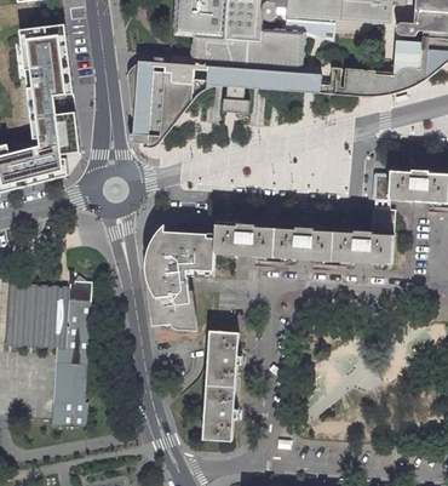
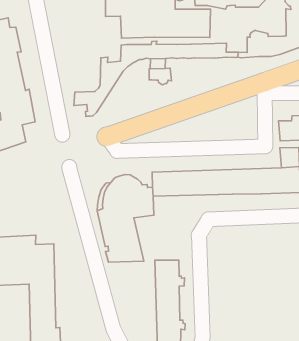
building: [126,63,191,121] -> none

